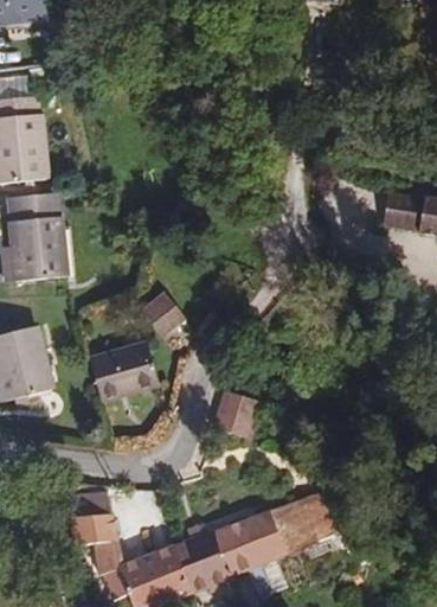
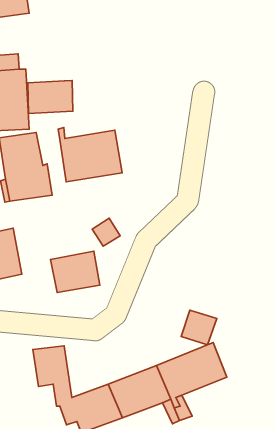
building: none -> [28,80,73,114]
building: none -> [58,127,122,182]
building: [211,394,261,442] -> [181,310,217,345]

